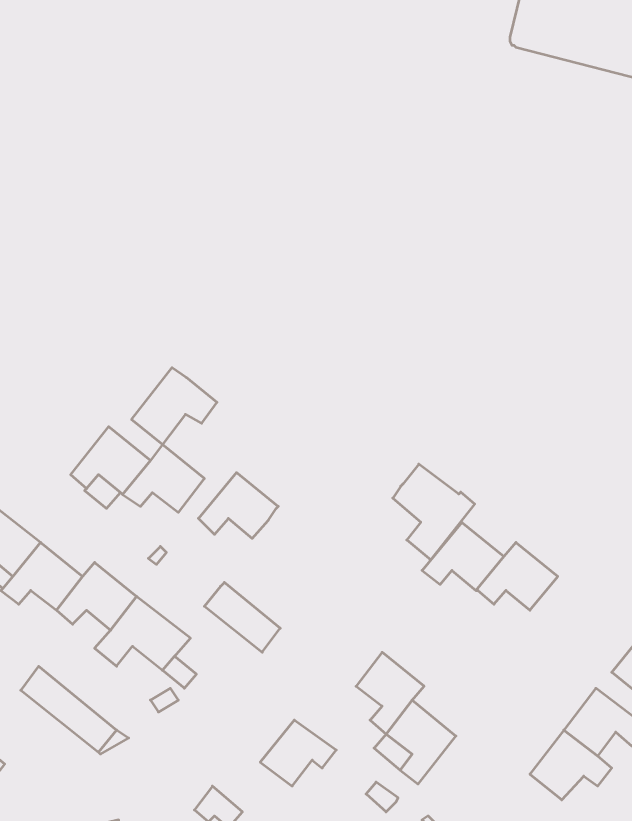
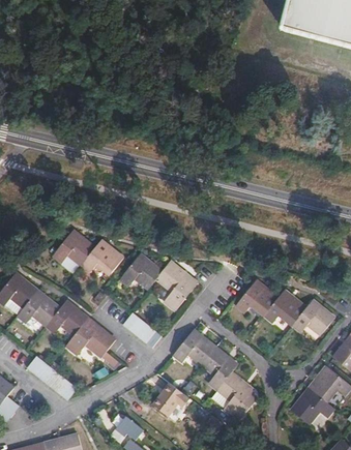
building: [132,368,217,445] -> none
building: [393,464,475,560] -> [156,261,199,310]
building: none -> [292,299,334,334]
building: none -> [173,329,215,364]

